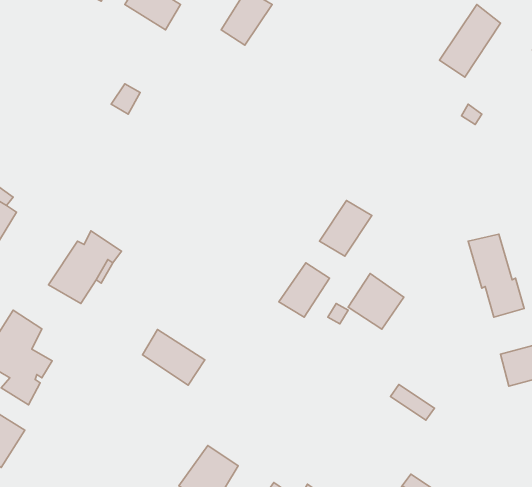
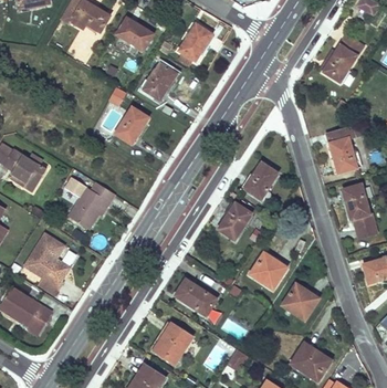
building: none -> [144,62,177,99]
building: none -> [116,106,149,143]
building: none -> [326,126,357,171]
building: [348,273,404,329] -> [250,251,286,287]
building: [142,329,205,385] -> [176,277,217,314]
building: none -> [282,290,314,318]

